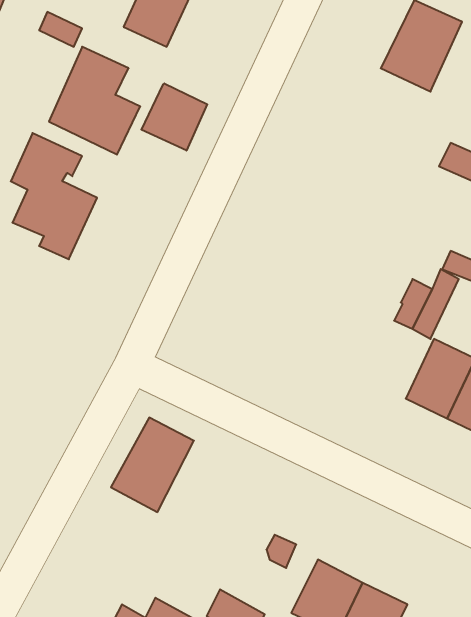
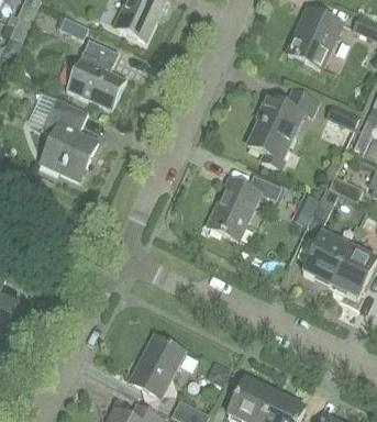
building: [141,83,207,151] -> none
building: none -> [246,89,318,159]
building: none -> [208,174,280,240]
building: [111,418,194,512] -> [129,334,184,397]

